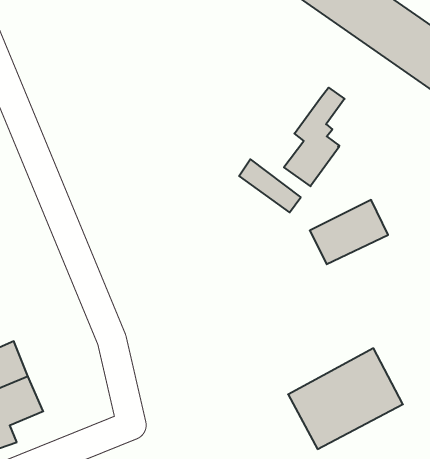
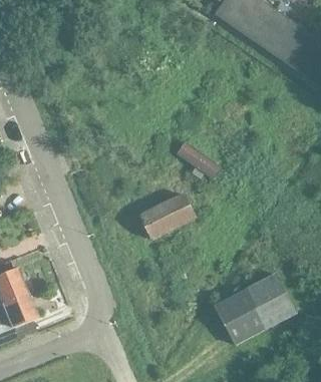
building: [284,88,345,186] -> none
building: [310,200,388,264] -> [138,194,195,240]

